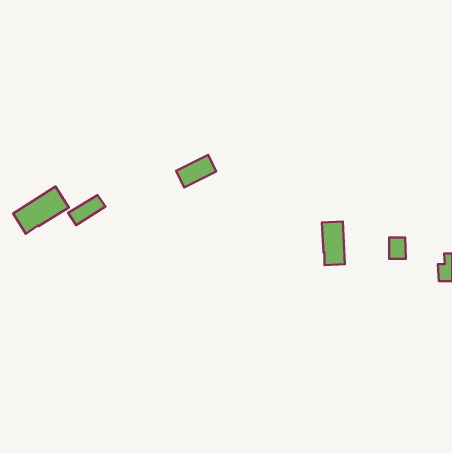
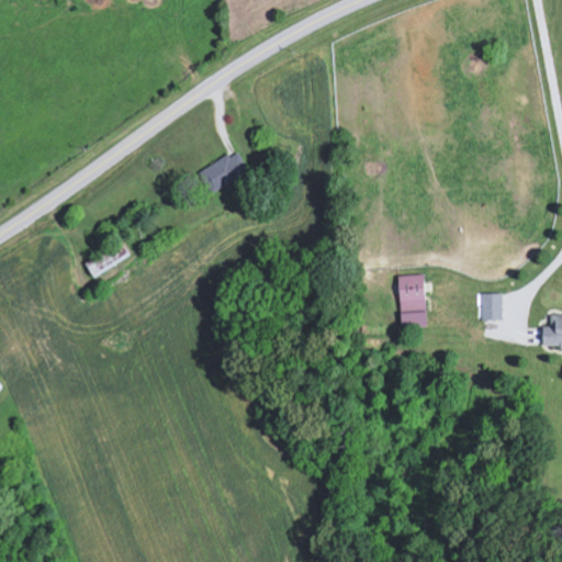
building: [176,155,216,188] -> [200,151,249,192]
building: [13,187,69,234] -> none

